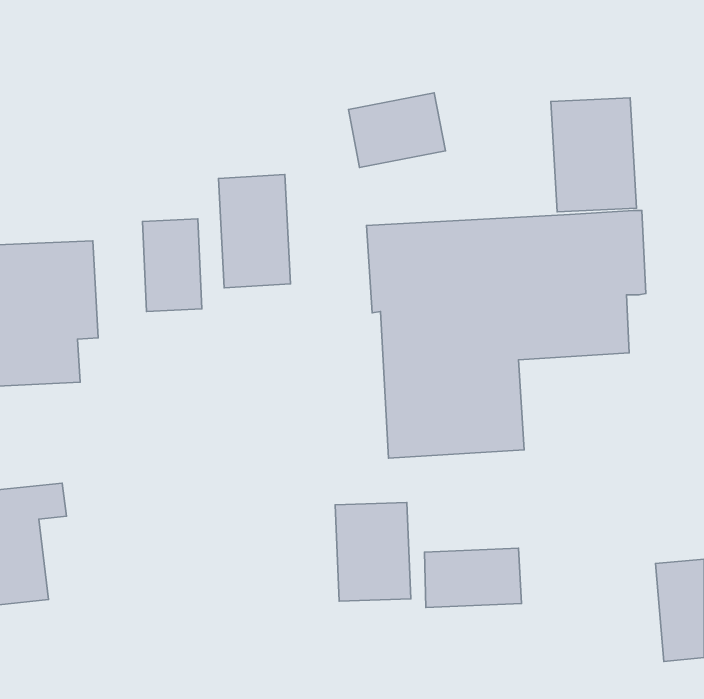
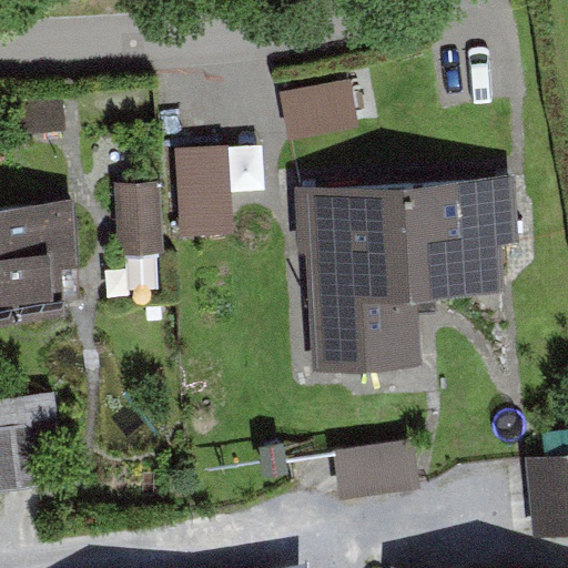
building: [551,98,637,212] -> none
building: [335,503,411,601] -> none

